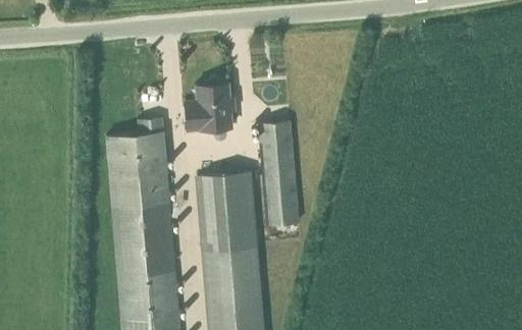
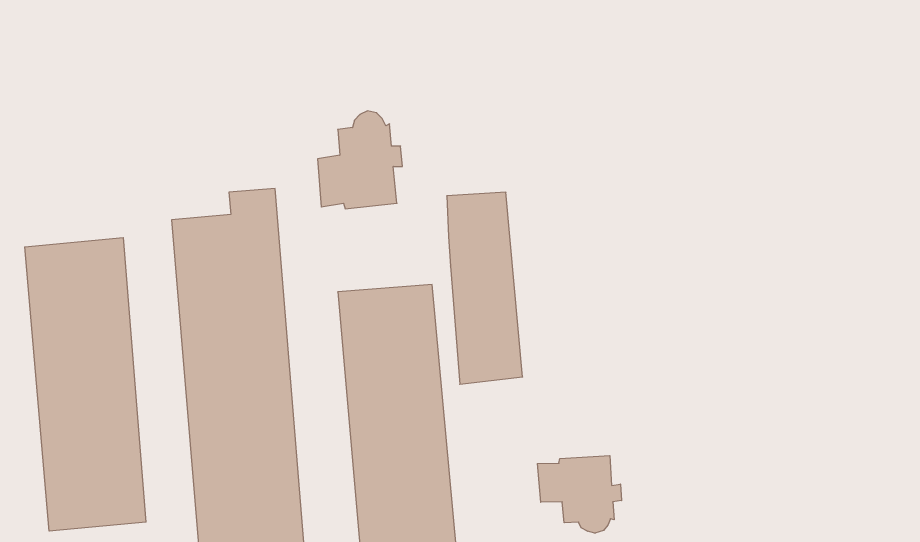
building: none -> [25,238,146,531]
building: none -> [537,456,622,533]

